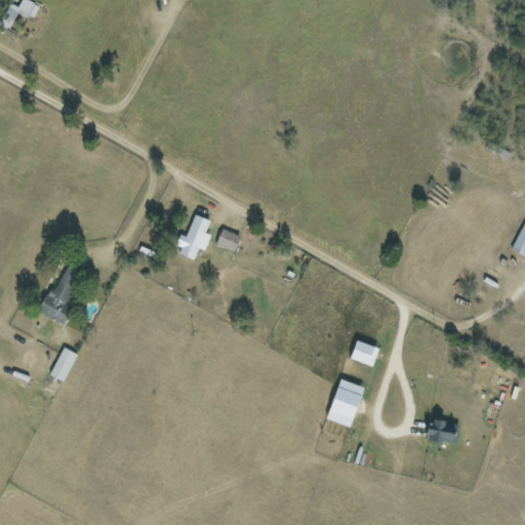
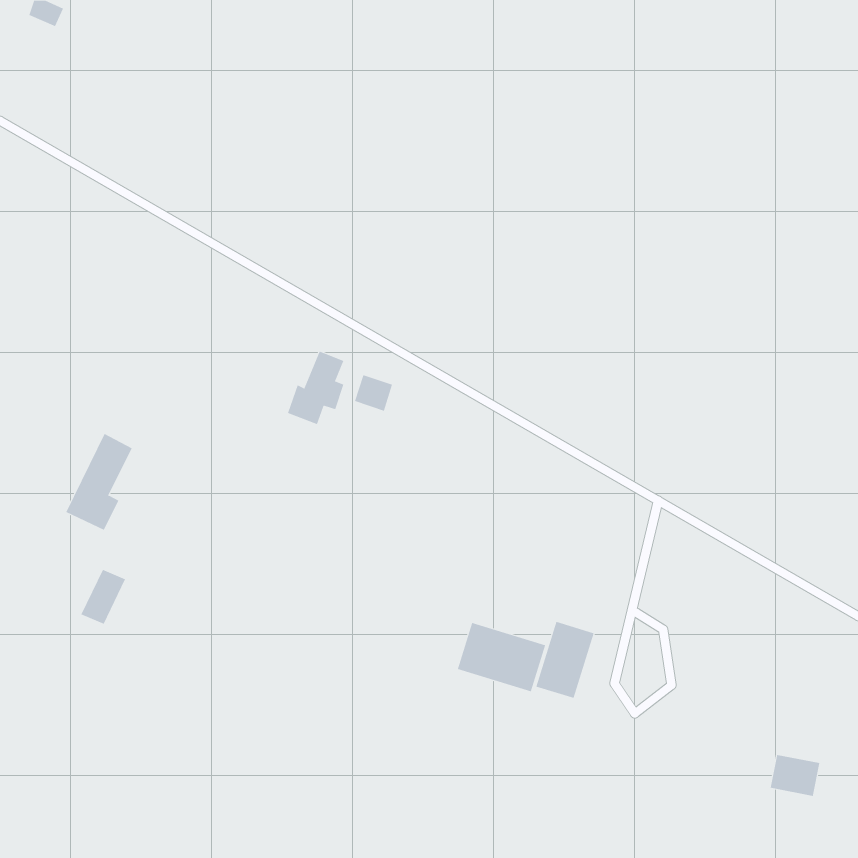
building: [351,340,379,366] -> none
building: none -> [457,622,546,692]
building: [428,418,458,444] -> [770,754,820,796]

